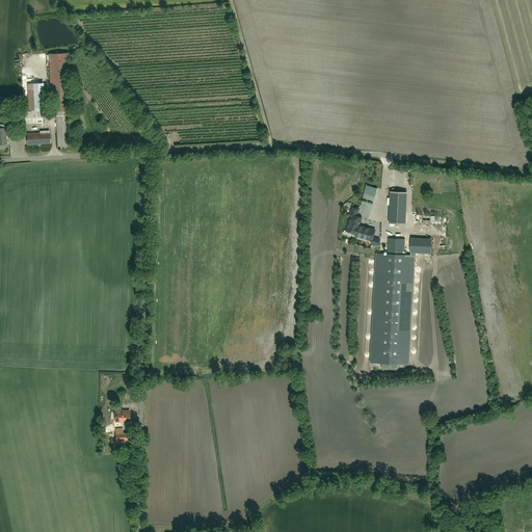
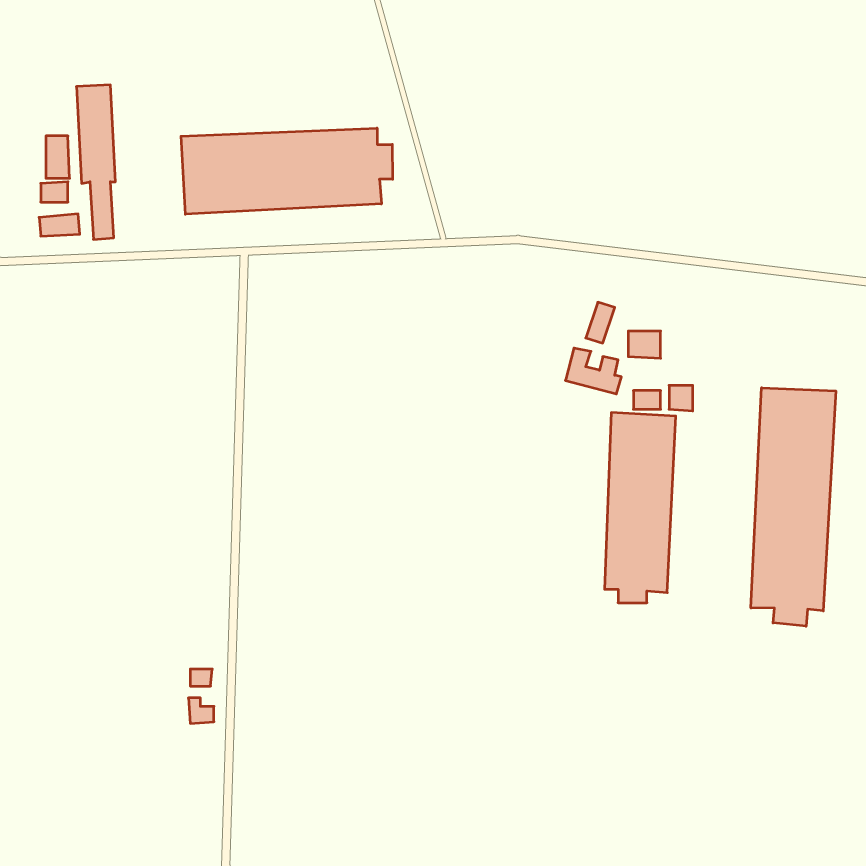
building: none -> [181,128,393,214]
building: none -> [751,388,836,626]

